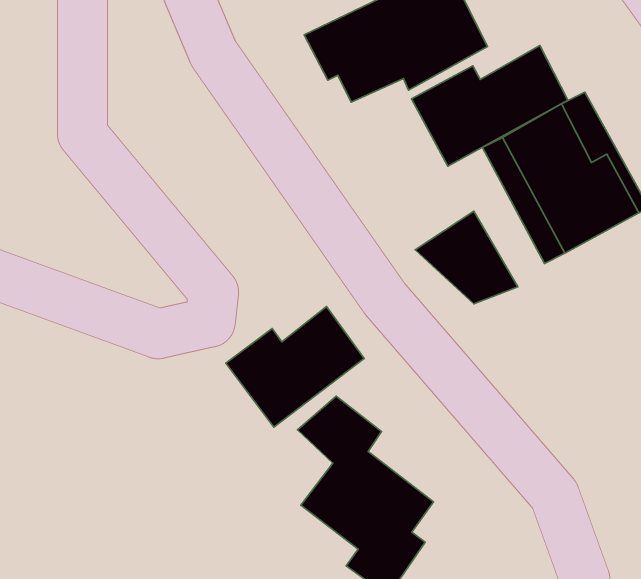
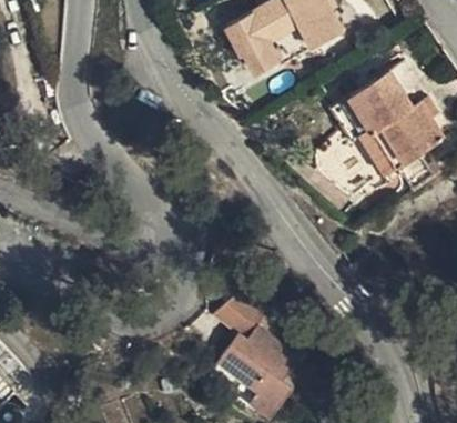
building: [411,45,568,166] -> none
building: [226,306,364,427] -> none

